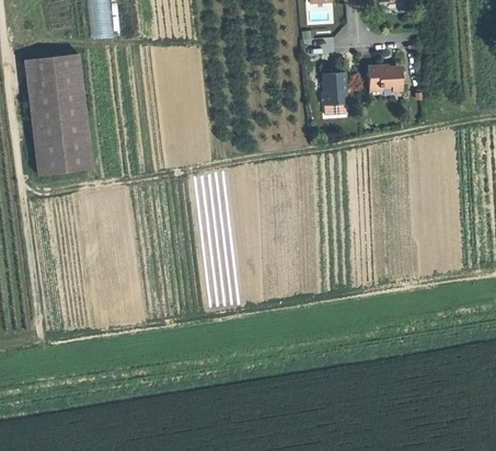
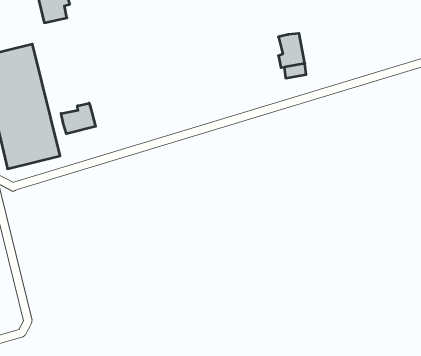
building: [367,66,402,95] -> none
building: none -> [61,103,96,134]

